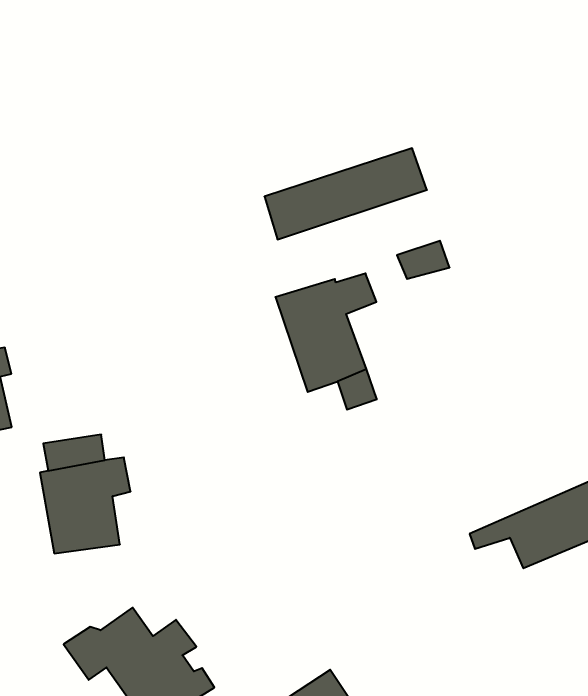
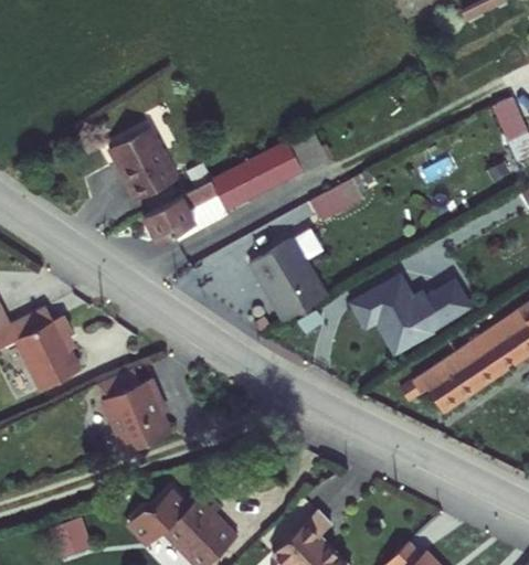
building: none -> [114,129,184,203]
building: none -> [154,180,239,244]
building: none -> [346,264,461,340]

